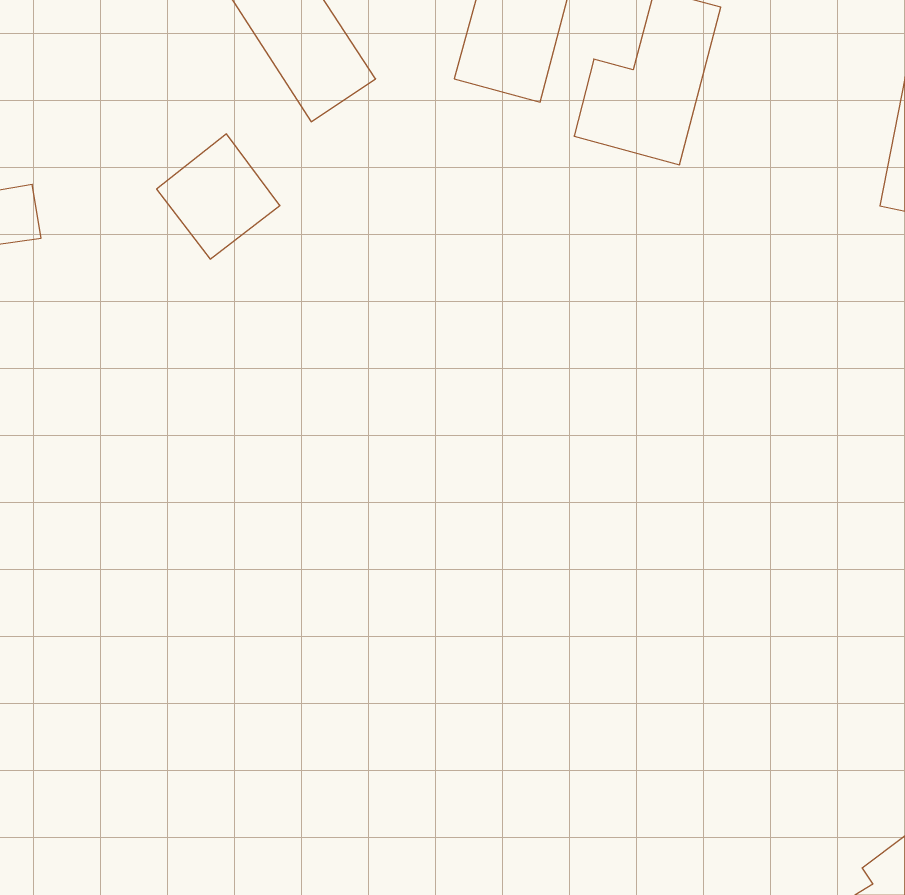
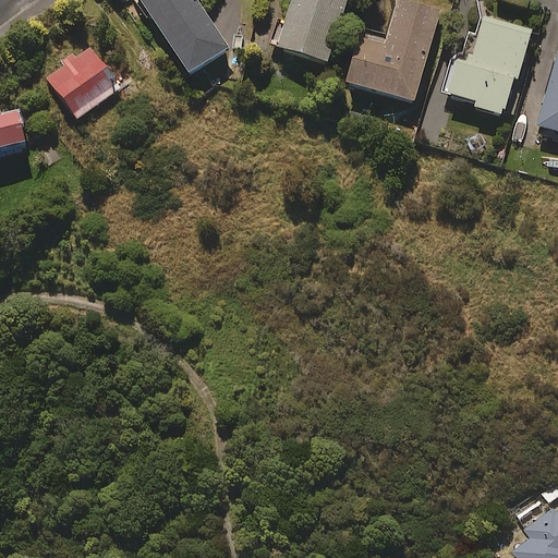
building: none -> [449,12,533,113]
building: [157,134,280,259] -> [44,38,119,114]

